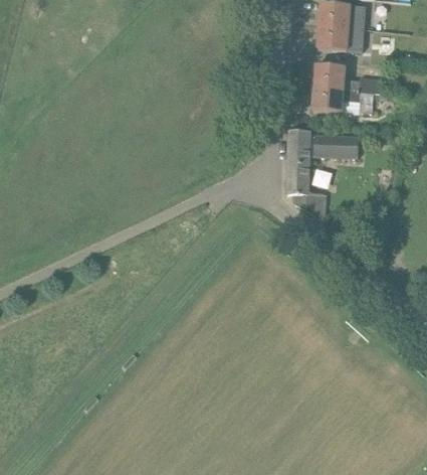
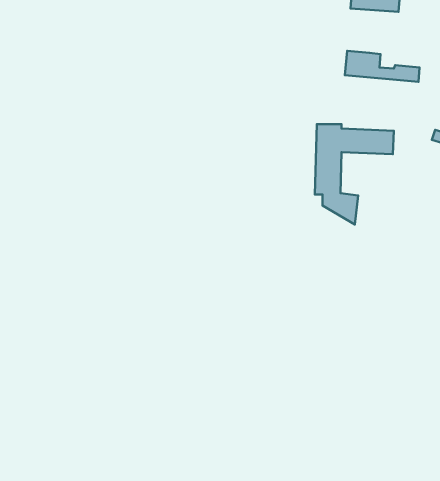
building: [316,26,362,52] -> none
building: [311,87,380,114] -> none

